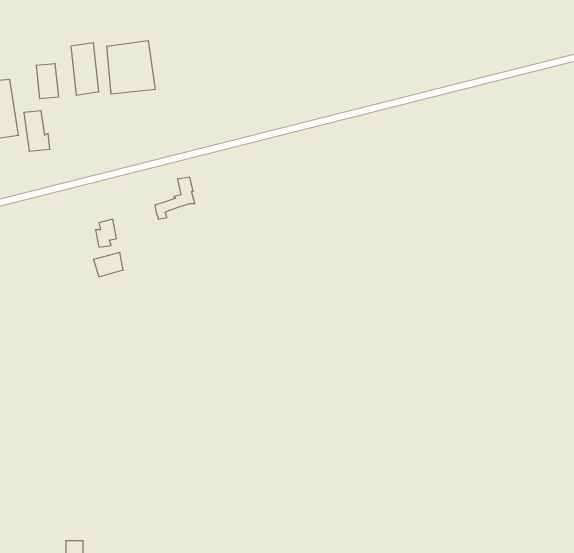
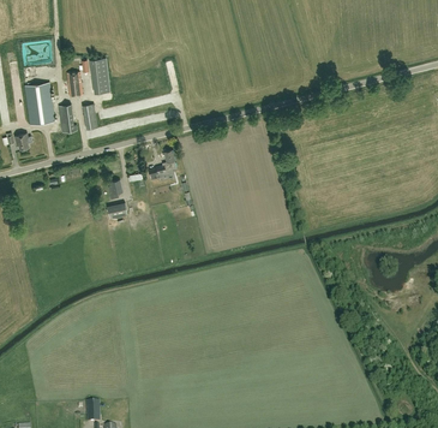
building: [107,40,155,94] -> none

